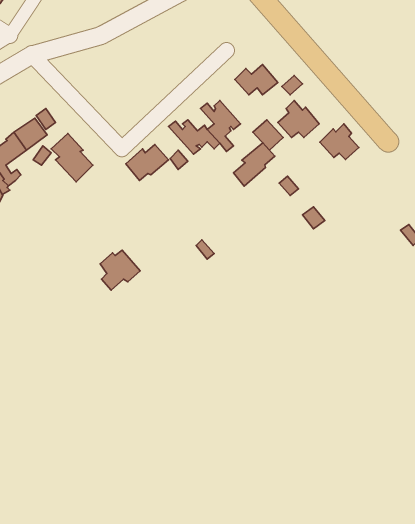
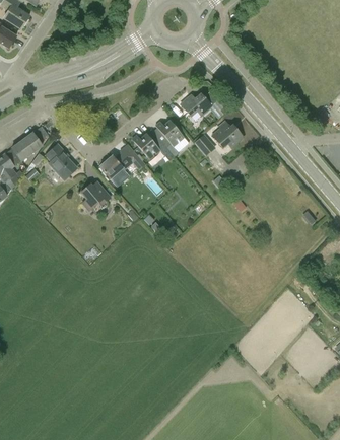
building: [320,124,359,160] -> none
building: [234,143,275,186] -> none
building: [100,250,140,290] -> [80,180,110,210]

